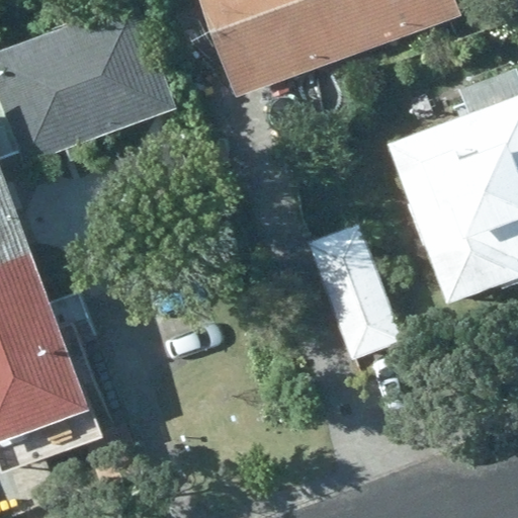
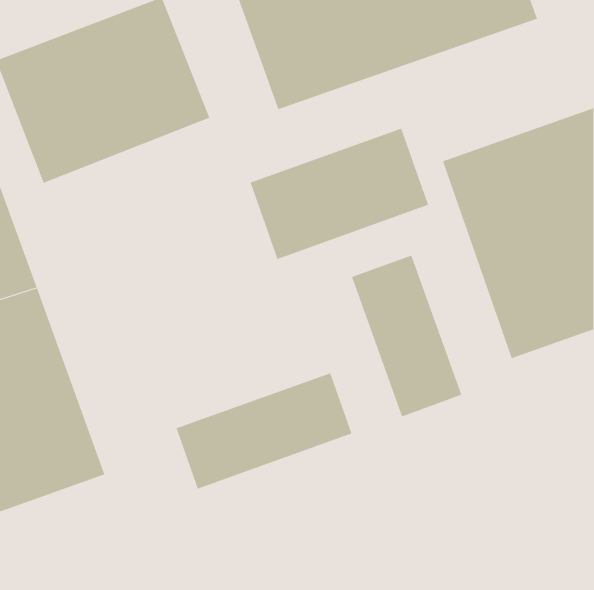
building: none -> [250,128,429,260]
building: none -> [176,372,352,489]

